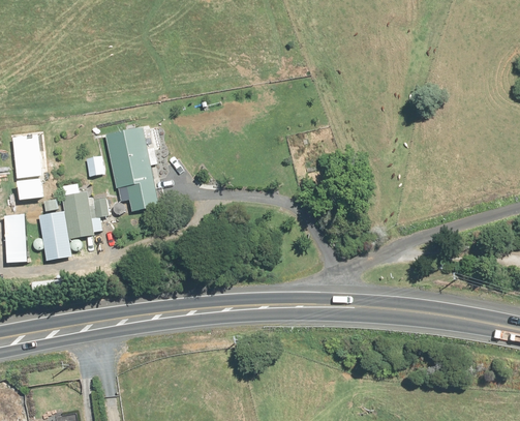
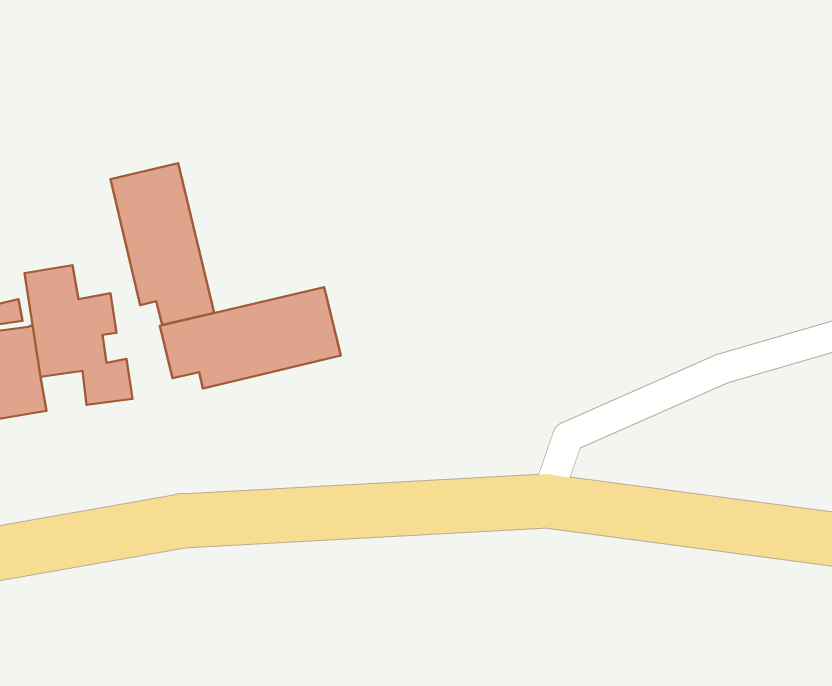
building: none -> [160,287,341,388]

